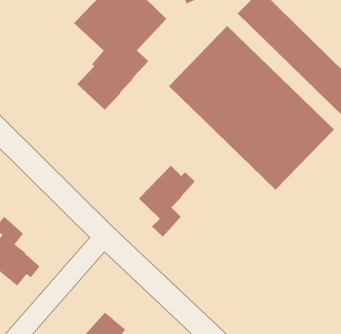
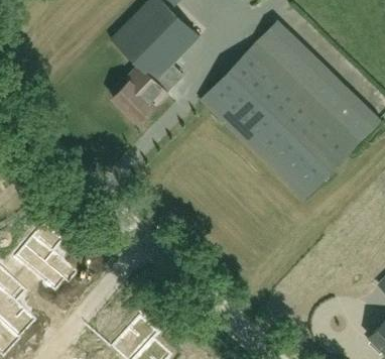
building: [138,165,196,238] -> none

